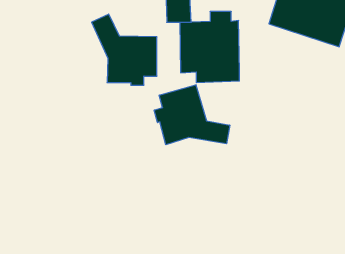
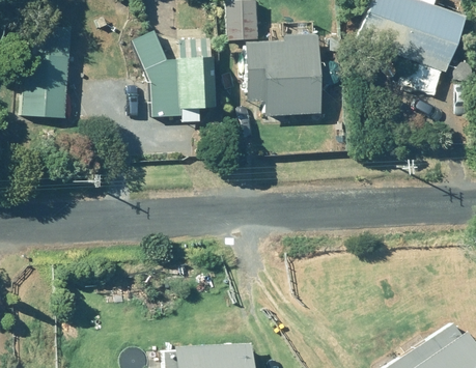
building: none -> [23,21,69,117]
building: [154,85,230,145] -> none

